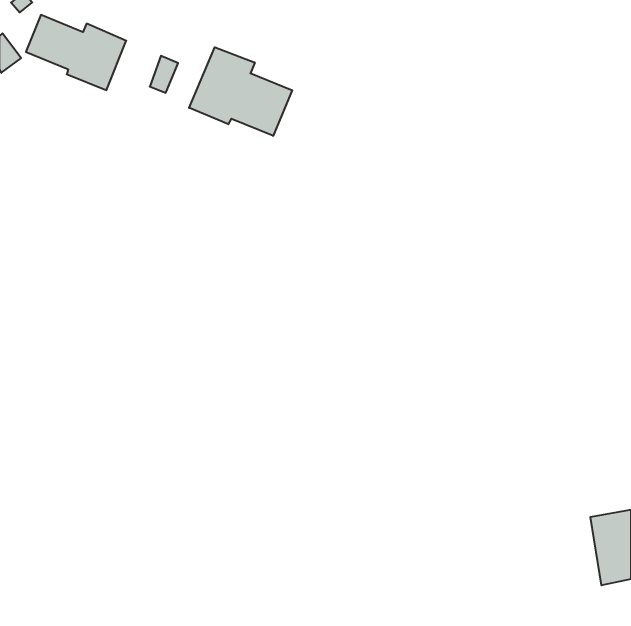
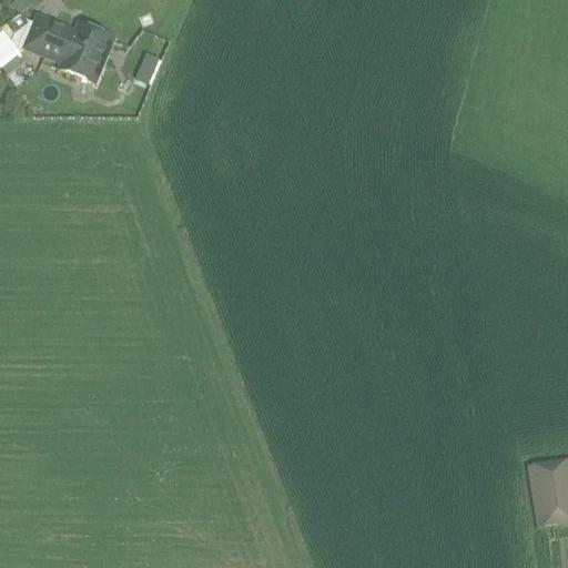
building: [189,47,292,136] -> none

